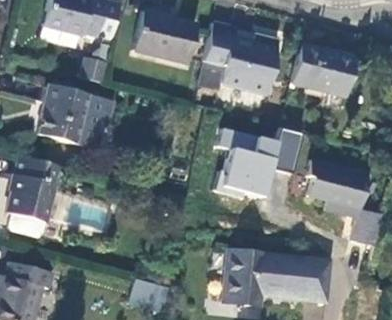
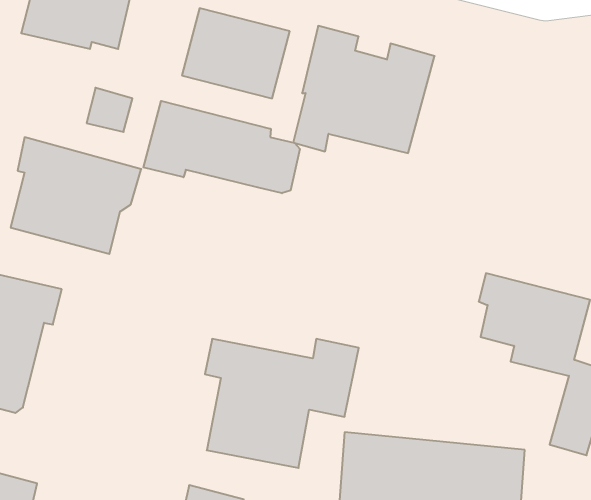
building: [291,39,352,91] -> none
building: none -> [143,101,300,193]
building: [219,127,306,200] -> [205,339,359,468]

